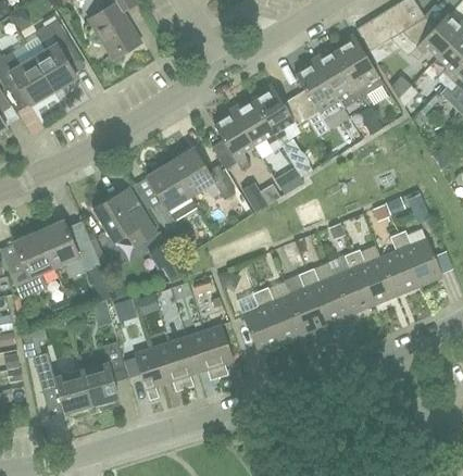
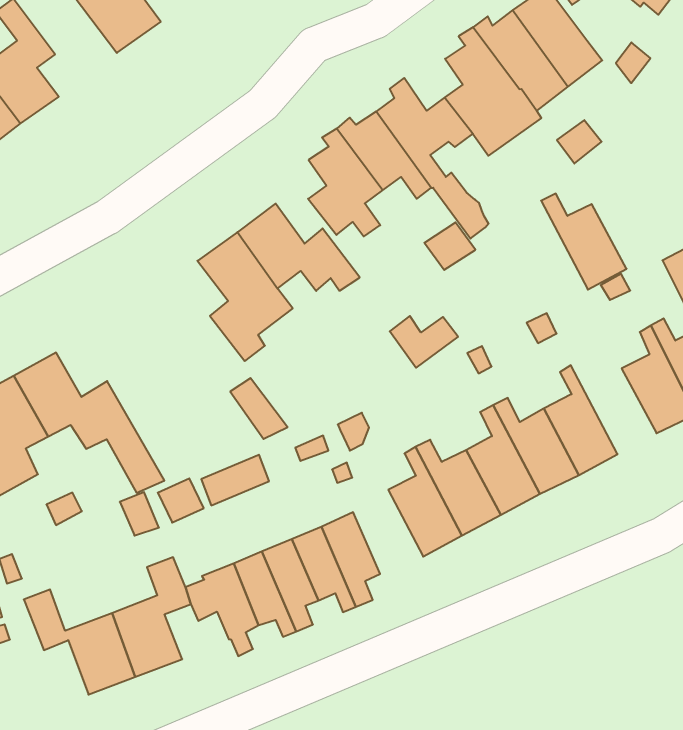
building: [241,181,279,211] -> [390,316,458,368]
building: [92,193,157,246] -> none
building: [350,249,395,304] -> [541,194,627,290]

